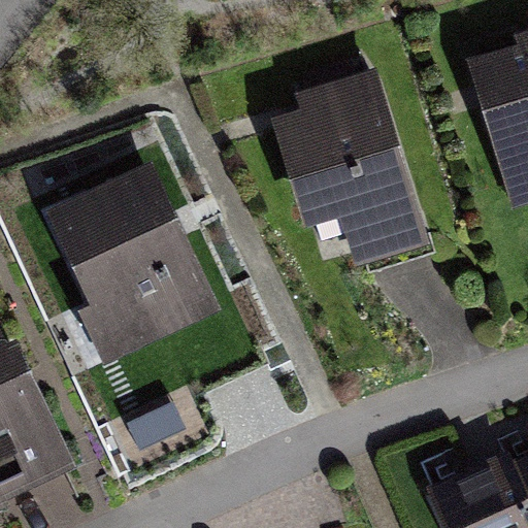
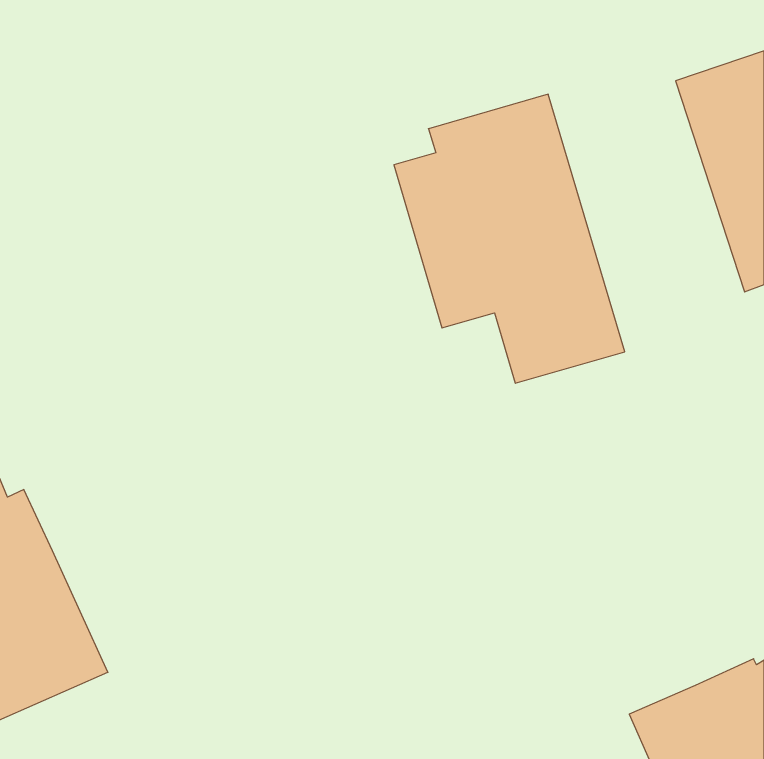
building: [45,167,217,360] -> none

